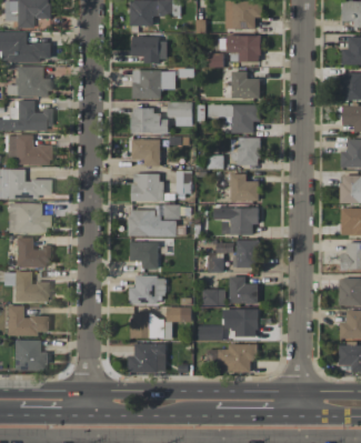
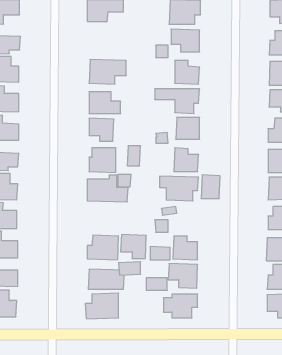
building: [133,37,168,62] -> none
building: [168,102,192,125] -> none
building: [237,240,259,268] -> [201,175,220,199]
building: [130,241,160,269] -> [121,235,146,258]

